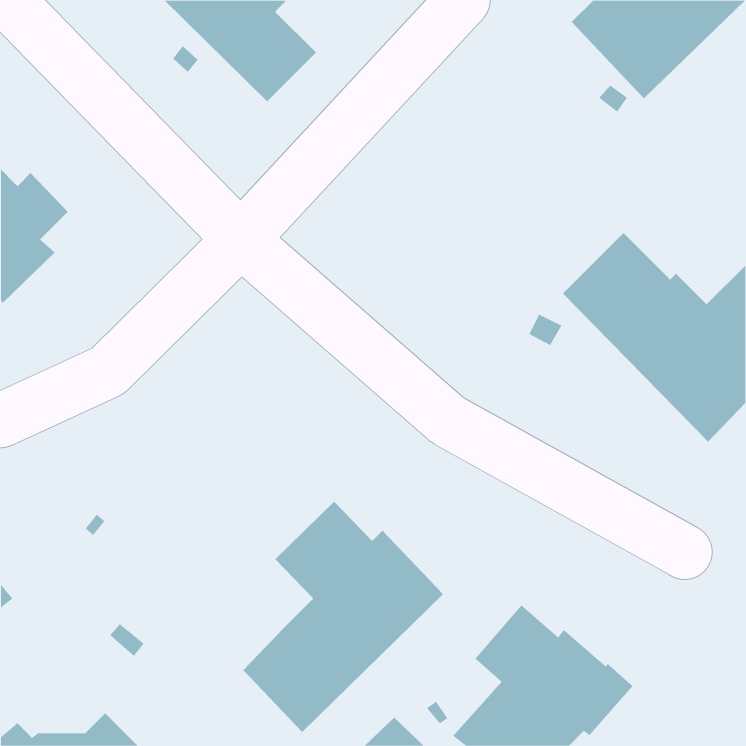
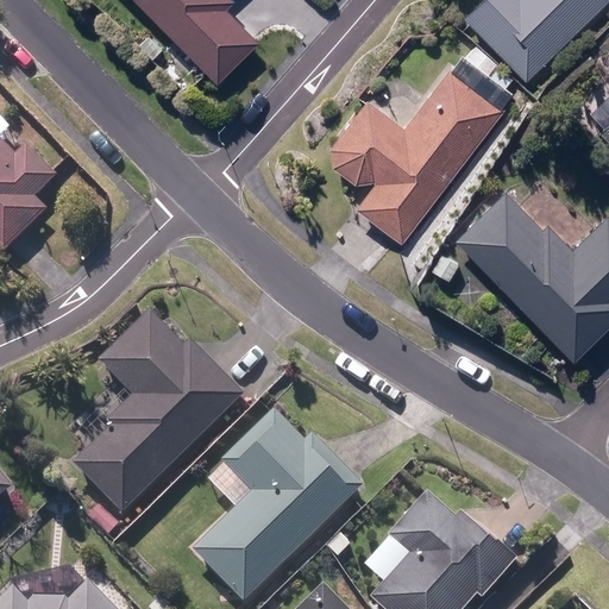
building: none -> [328,69,504,243]
building: none -> [73,312,243,513]

